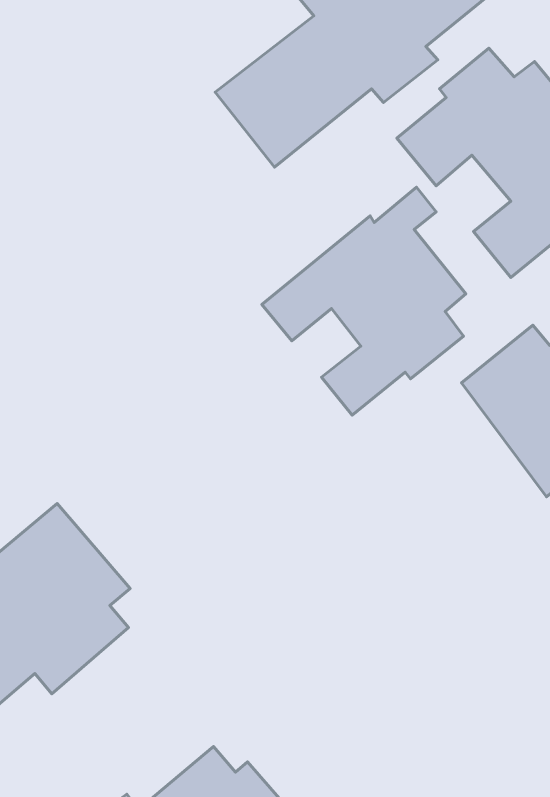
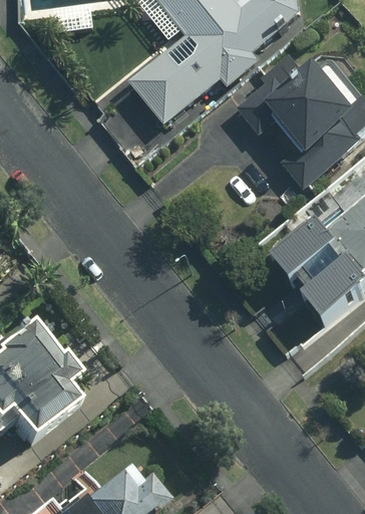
building: [262,187,466,415] -> none

